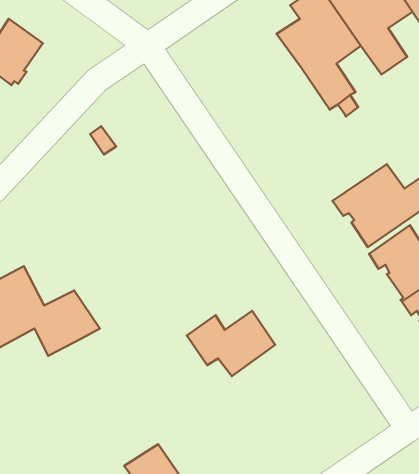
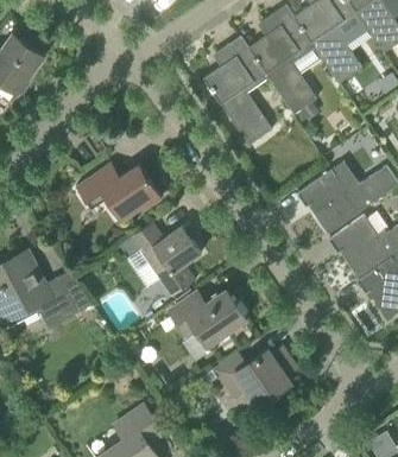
building: none -> [203,36,271,145]
building: none -> [75,163,162,221]
building: none -> [119,222,201,296]
building: none -> [211,347,297,407]

